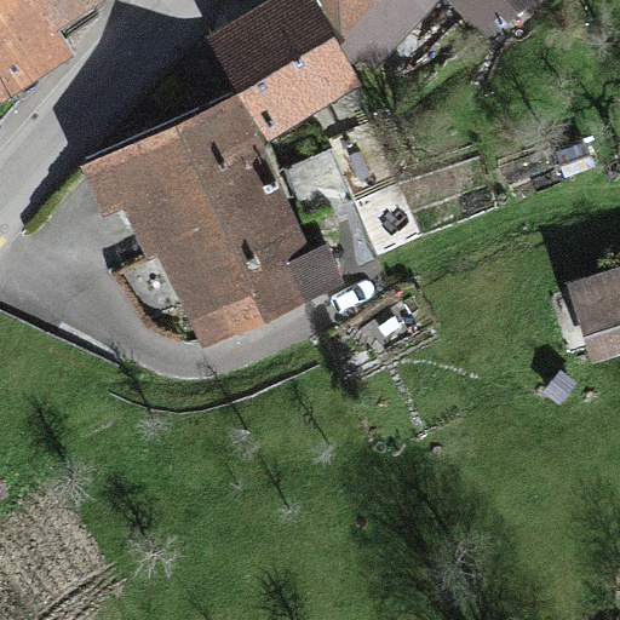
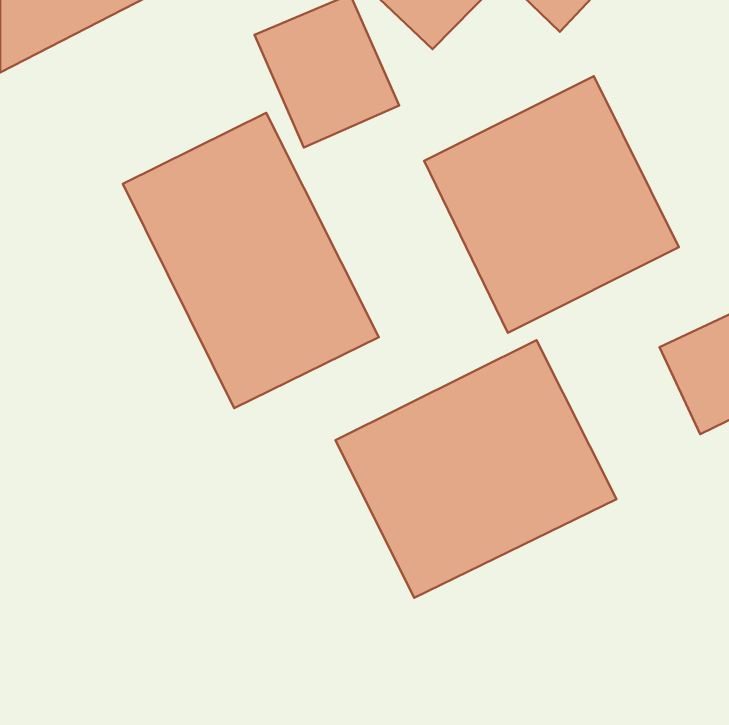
building: none -> [424,76,679,333]
building: none -> [336,340,616,598]

